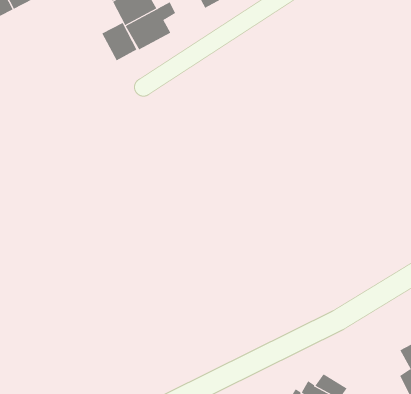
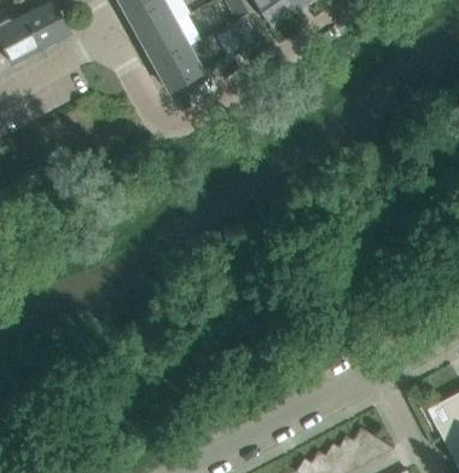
building: [101,22,137,61] -> none

